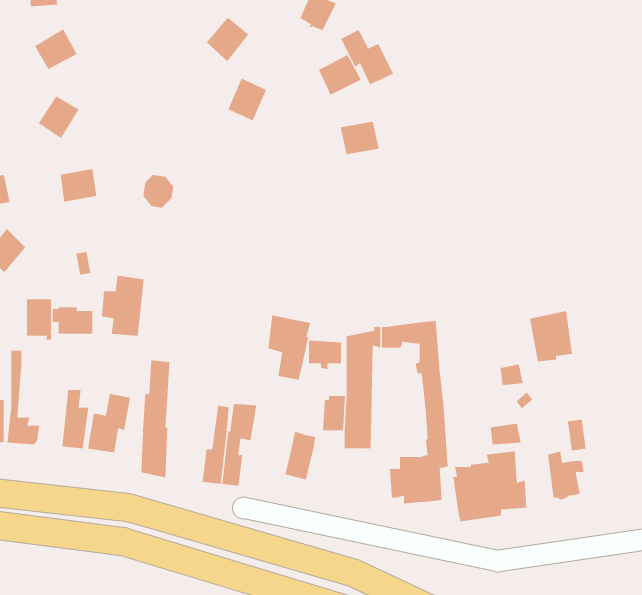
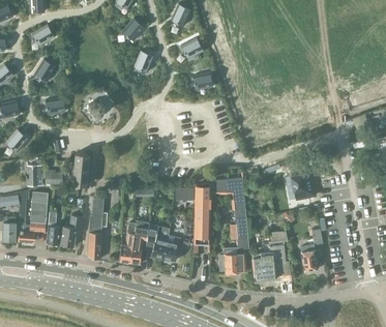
building: [340,29,394,85] -> none
building: [268,315,311,380] -> [147,224,170,258]
building: none -> [29,191,48,233]

